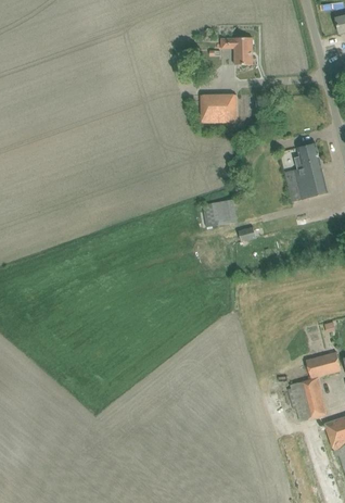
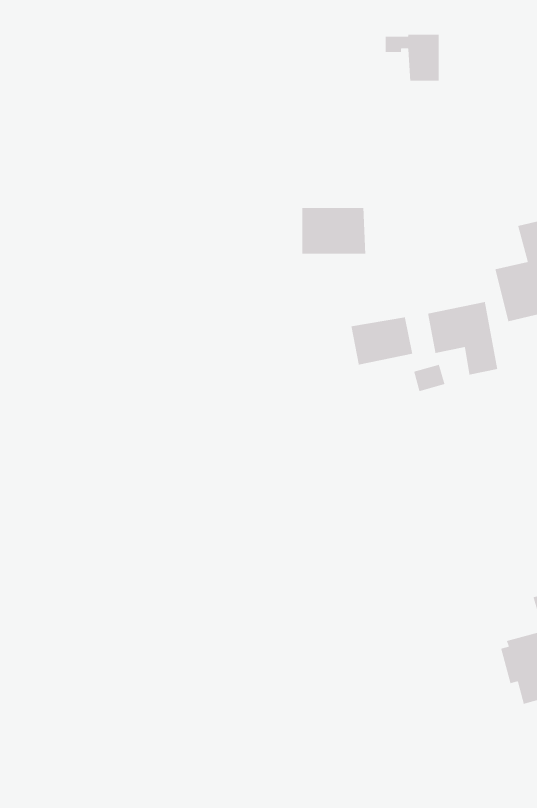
building: [201,95,238,122] -> [302,207,366,254]
building: none -> [427,301,498,376]

